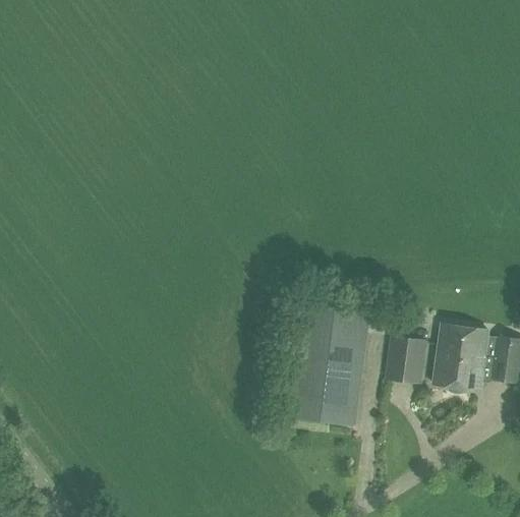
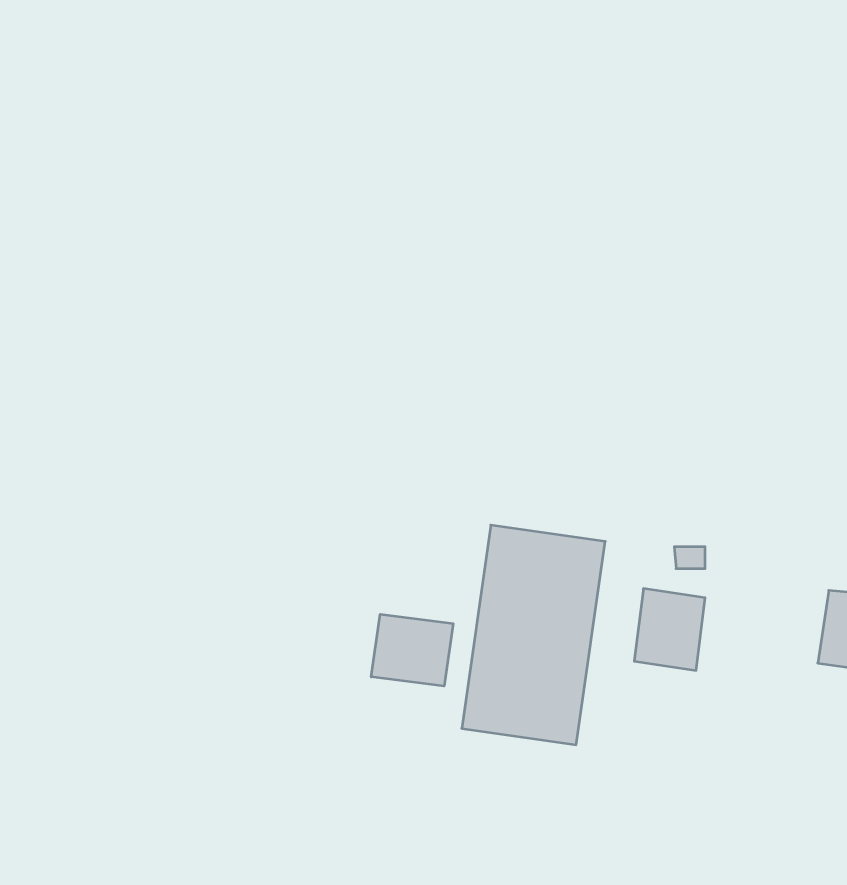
building: [434,324,488,391] -> none
building: none -> [371,614,453,686]

